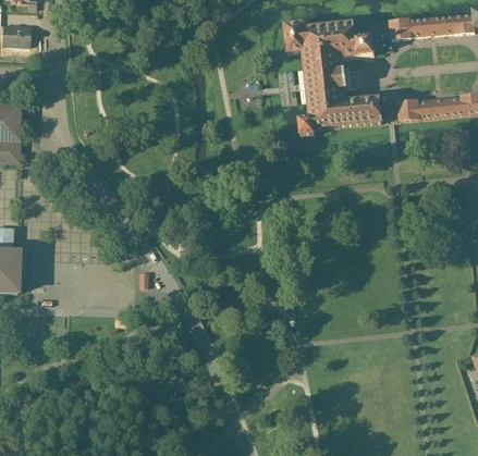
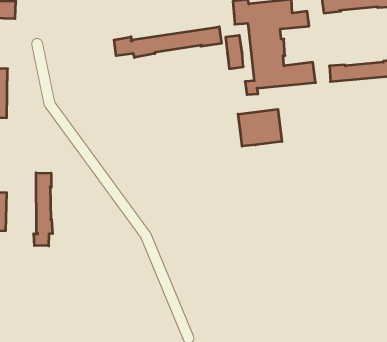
building: none -> [114,27,221,58]
building: none -> [238,109,282,146]
building: none -> [34,173,53,246]

